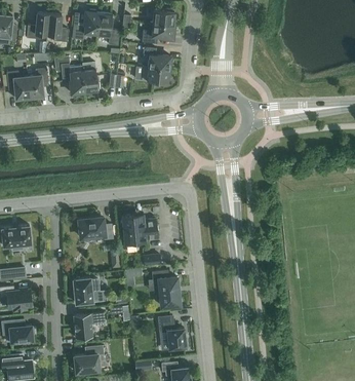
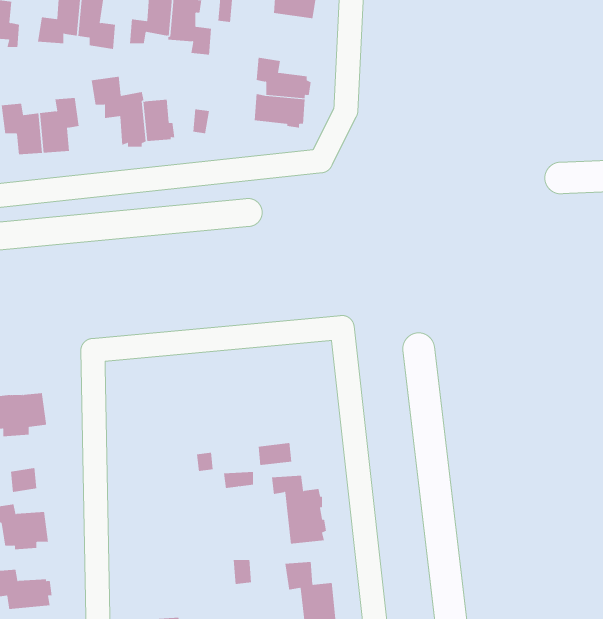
building: [142,23,175,43] -> none
building: [121,214,157,242] -> none
building: [79,218,113,241] -> none
building: [73,278,98,303] -> none
building: [73,312,105,339] -> none

